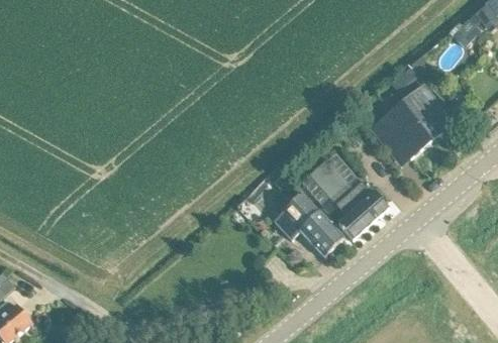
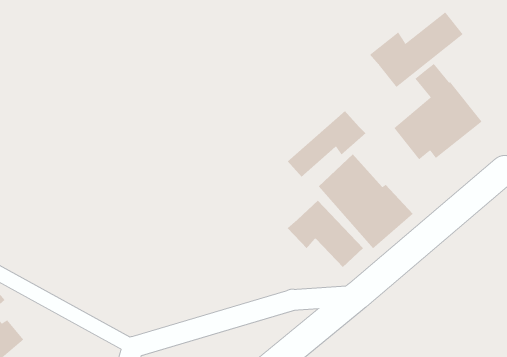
building: none -> [369,12,464,88]
building: none -> [287,110,366,177]

